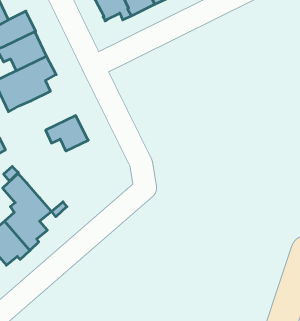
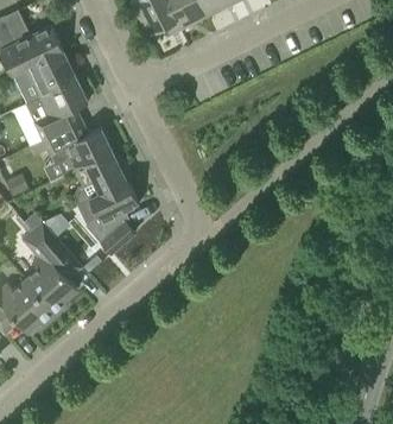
building: none -> [43,121,112,169]
building: none -> [84,181,139,254]

